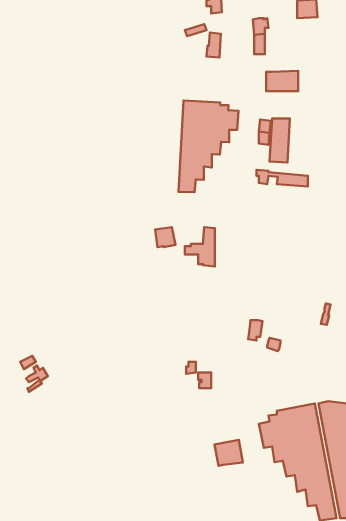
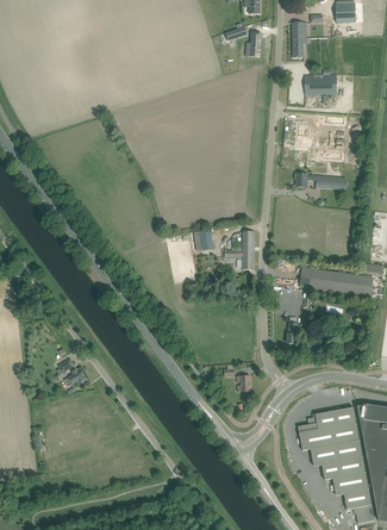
building: [179,100,238,192] -> none
building: none -> [300,268,374,295]
building: [214,440,243,466] -> none

